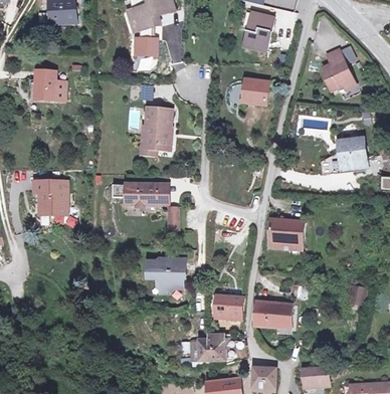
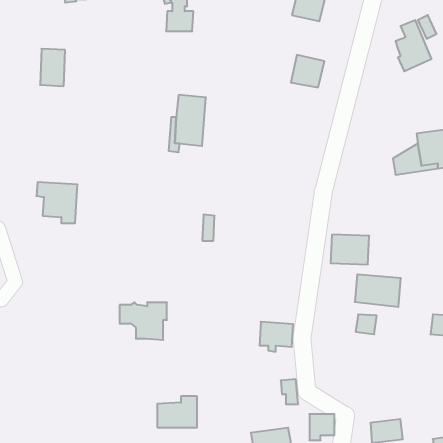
building: [112,182,162,202] -> none
building: [148,256,186,286] -> [120,302,167,340]
building: [253,301,290,327] -> [355,274,401,307]
building: [188,334,220,359] -> [157,396,197,427]

